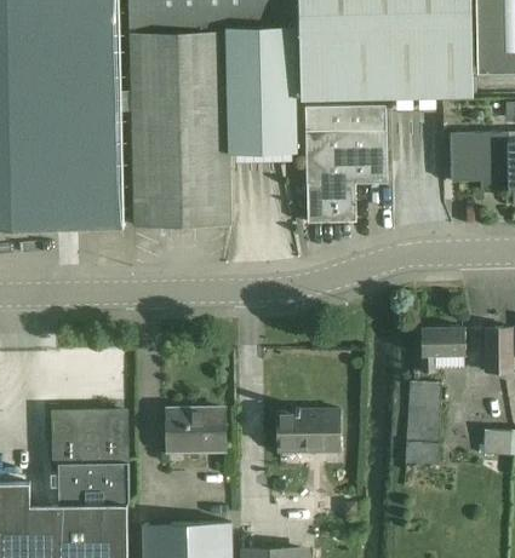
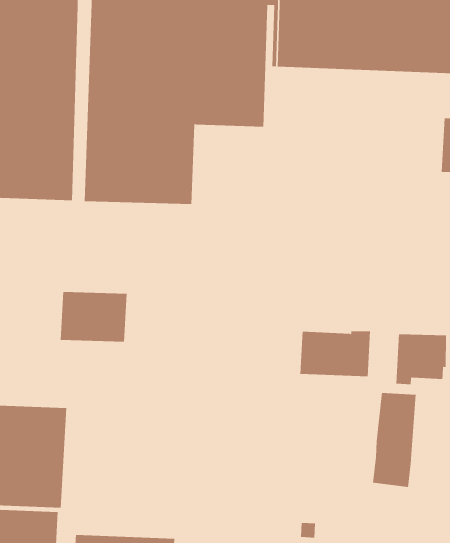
building: [305,105,387,222] -> none
building: [167,407,225,451] -> [60,291,127,342]
building: [279,410,341,453] -> [299,331,371,377]

